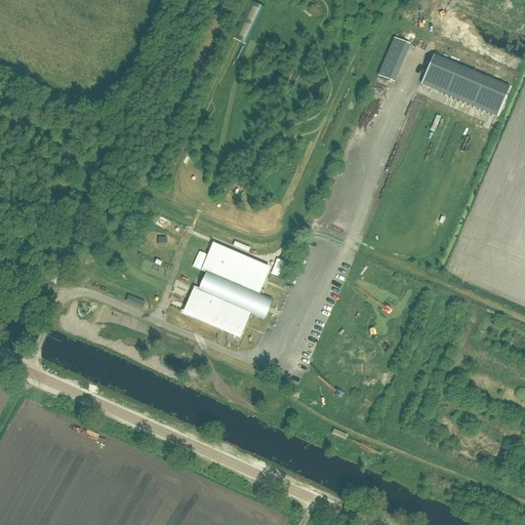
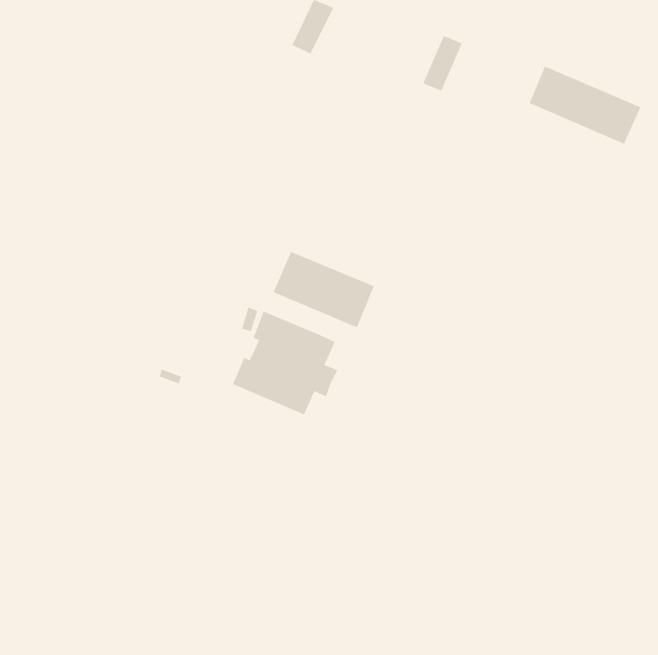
building: [378,36,410,80] -> [423,36,463,91]
building: none -> [273,251,374,328]

